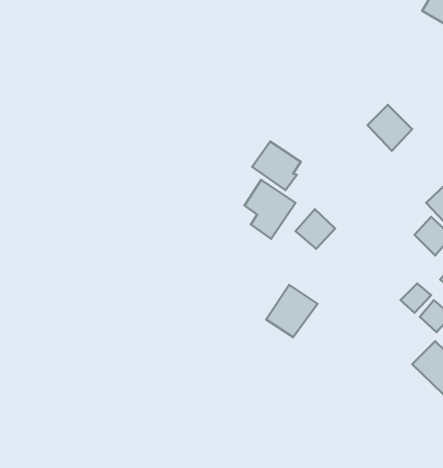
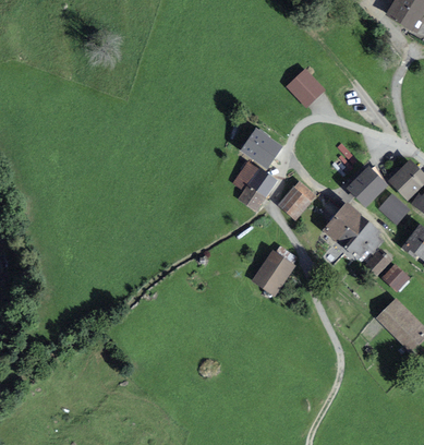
building: [368,105,412,151] -> [288,68,326,107]
building: none -> [347,168,387,207]
building: none -> [323,202,384,260]

